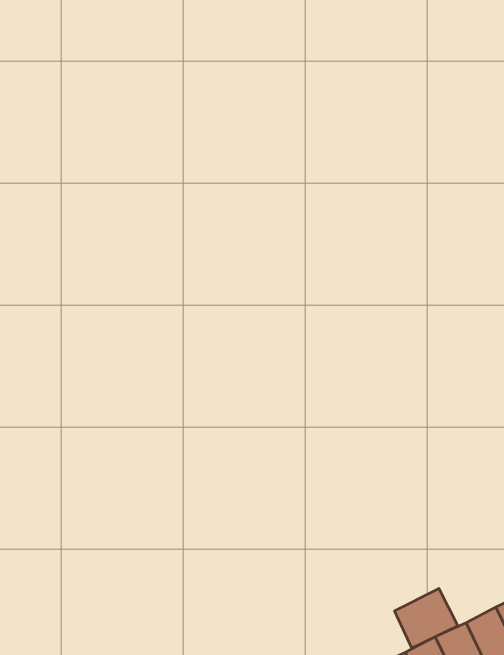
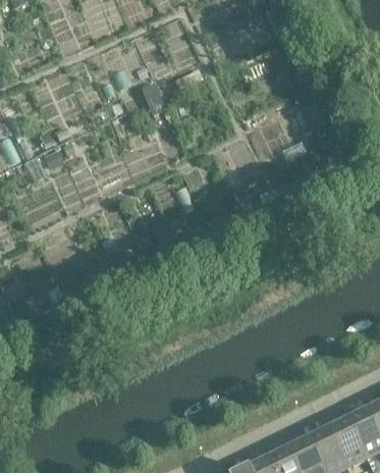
building: [395,588,458,648] -> none

